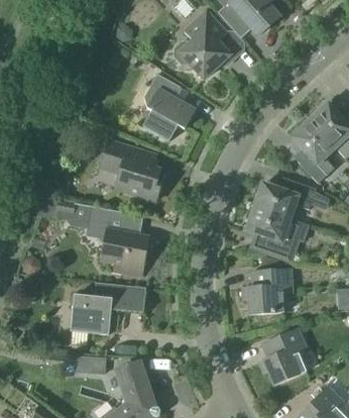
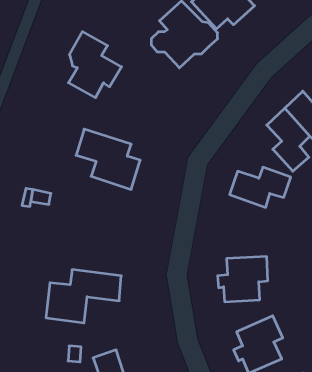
building: [142,73,196,139] -> [68,32,122,98]
building: [87,205,148,279] -> none
building: [246,205,295,259] -> none

